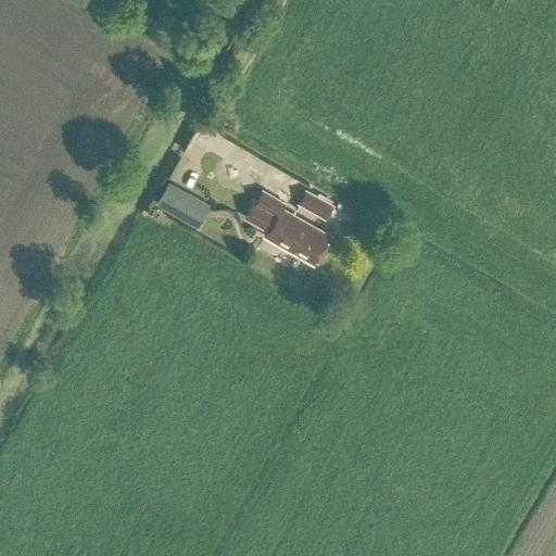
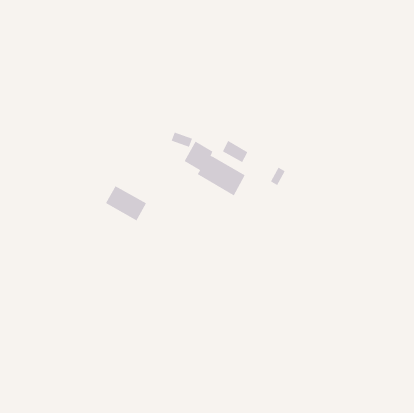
building: [156,182,212,230] -> [105,185,147,221]

